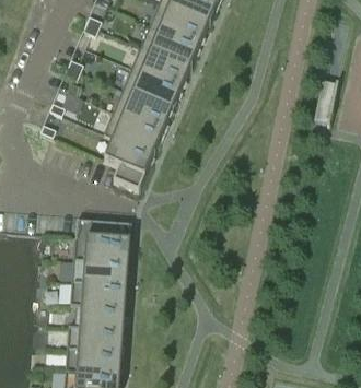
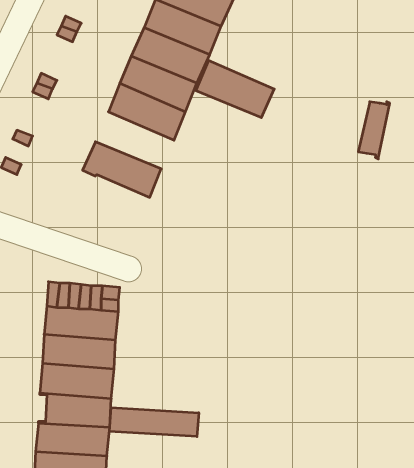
building: [112,87,172,131] -> [196,60,274,118]
building: [103,136,153,190] -> none
building: none -> [109,408,199,437]

